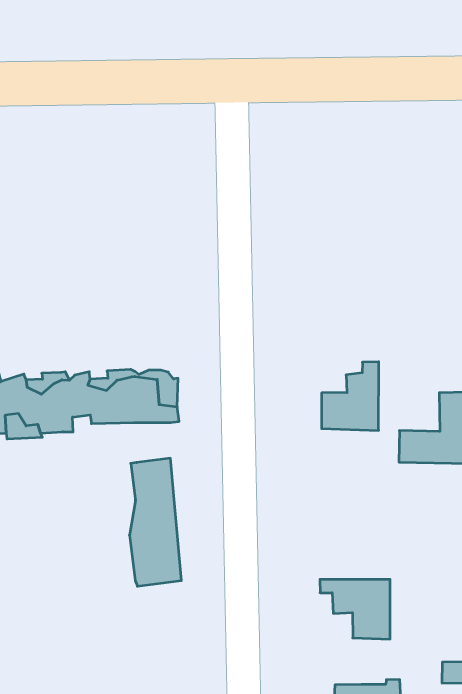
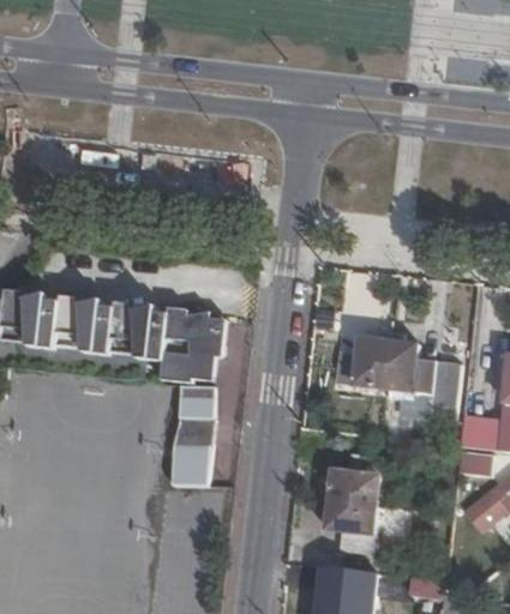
building: none -> [383,330,436,392]
building: none -> [137,343,216,384]
building: none -> [320,451,384,506]

